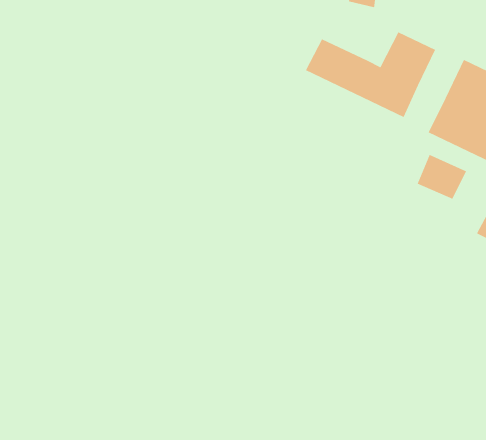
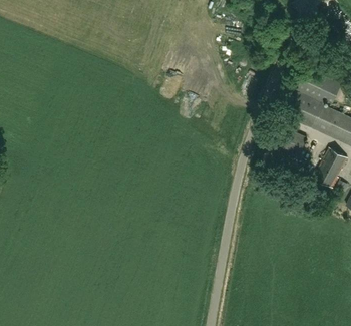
building: [305,32,436,118] -> none

